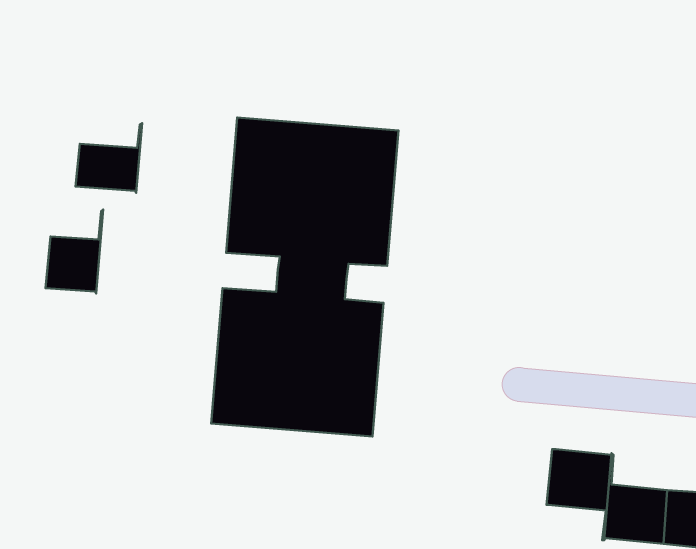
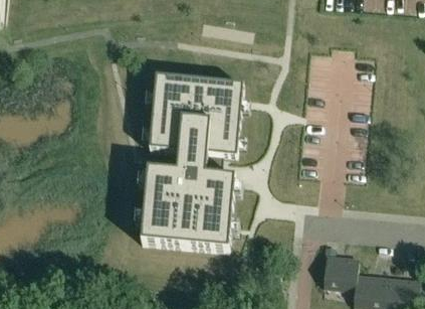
building: [76,123,142,193] -> none
building: [46,210,103,294] -> none

